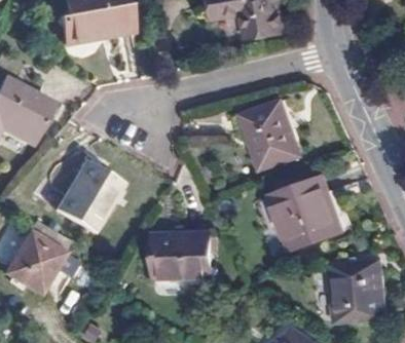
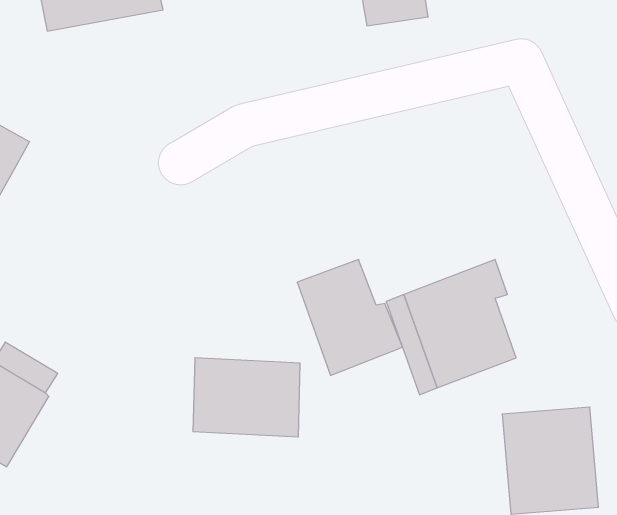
building: [242,103,303,170] -> [297,259,403,375]
building: [57,159,123,230] -> none

